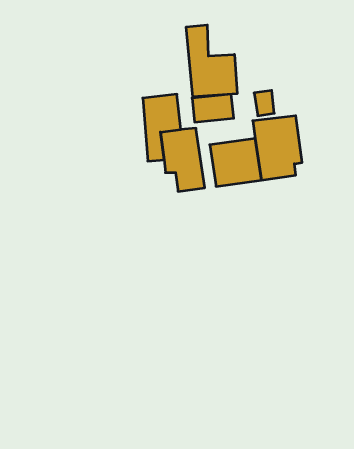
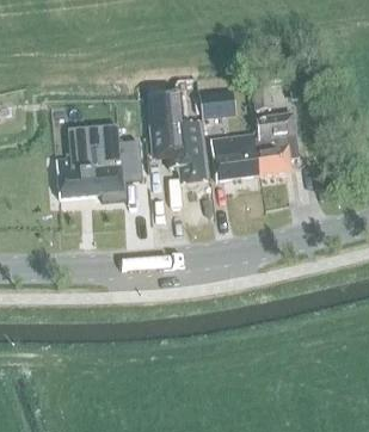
building: [186,25,237,97] -> none
building: none -> [56,125,147,202]

